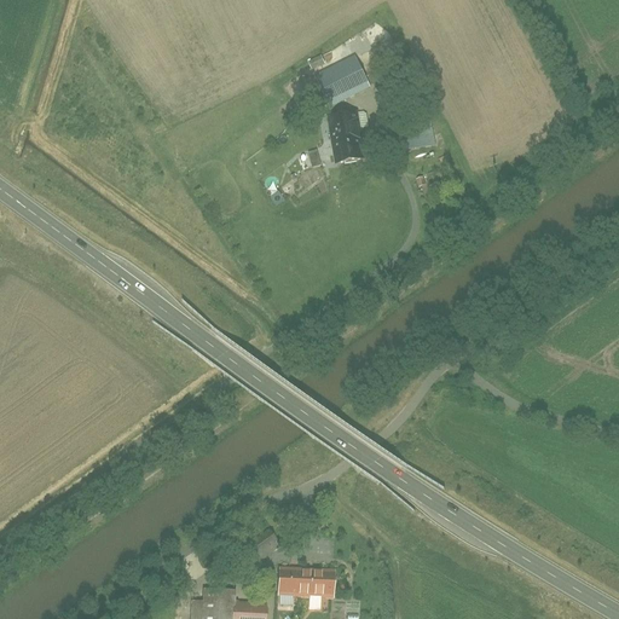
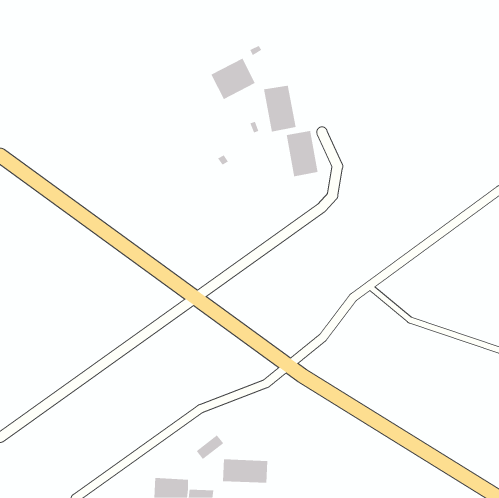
building: [314,56,370,108] -> [211,58,256,100]
building: none -> [286,130,318,177]

